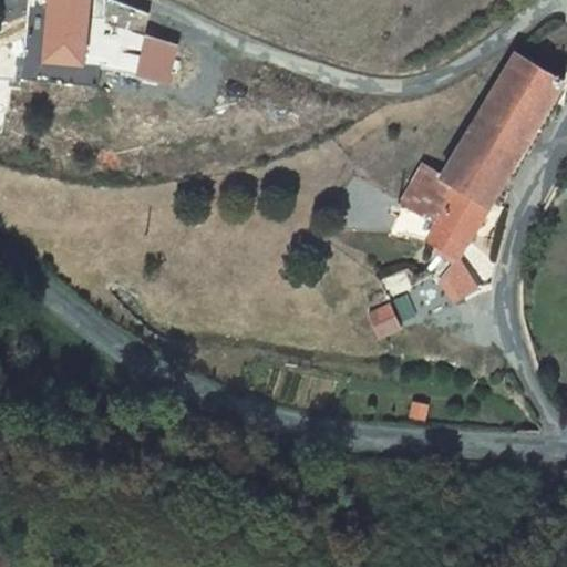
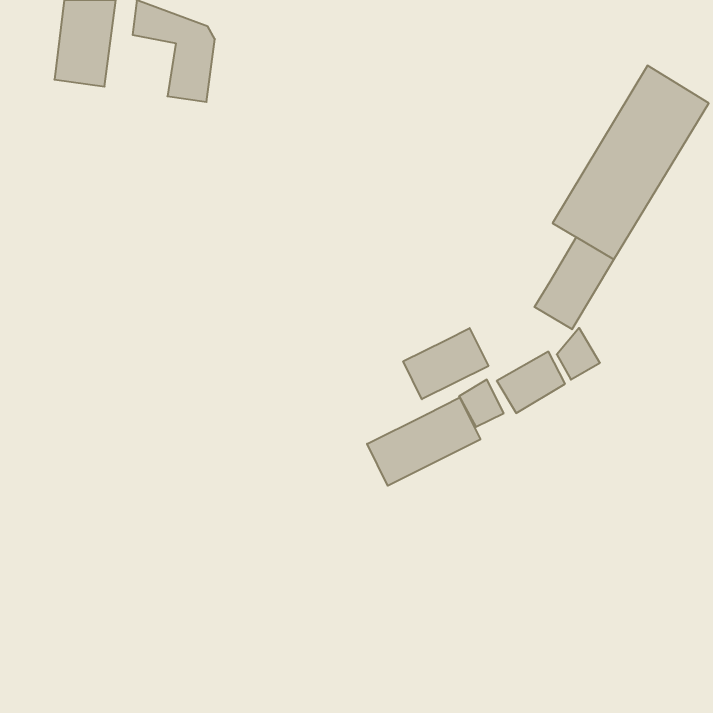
building: [405,169,457,224] -> none
building: none -> [403,328,488,399]
building: none -> [367,397,480,486]

